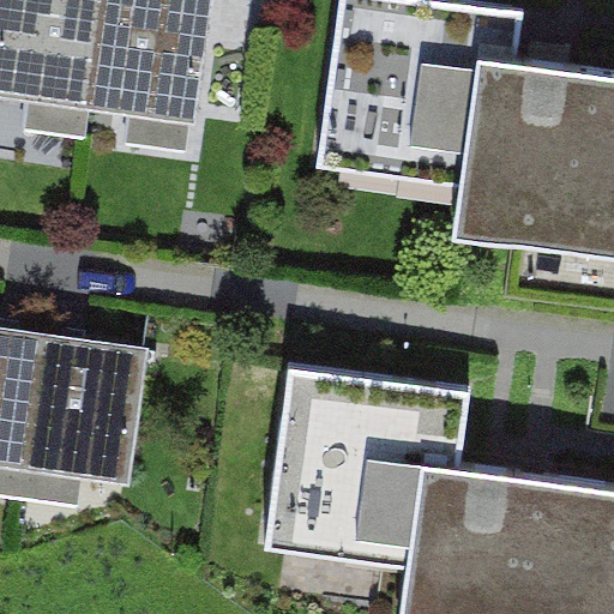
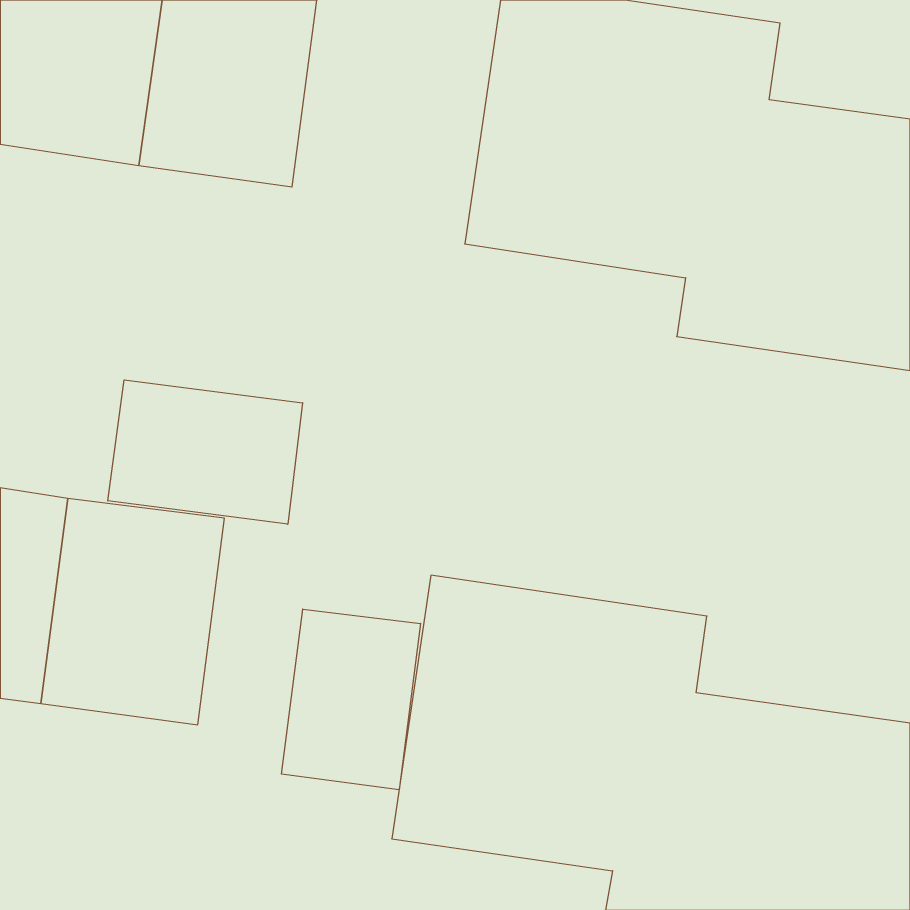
building: none -> [108,380,303,524]
building: none -> [282,609,421,790]

